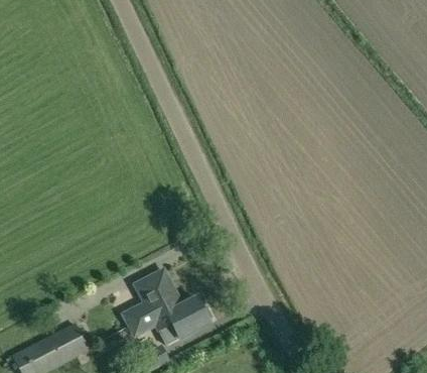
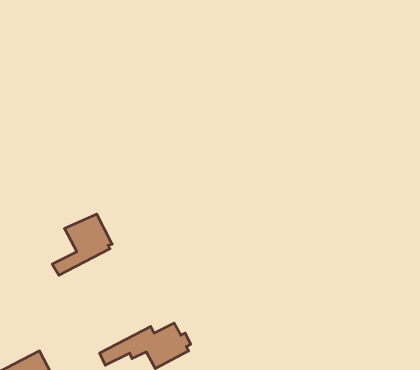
building: [123,269,177,325] -> [52,214,112,275]

